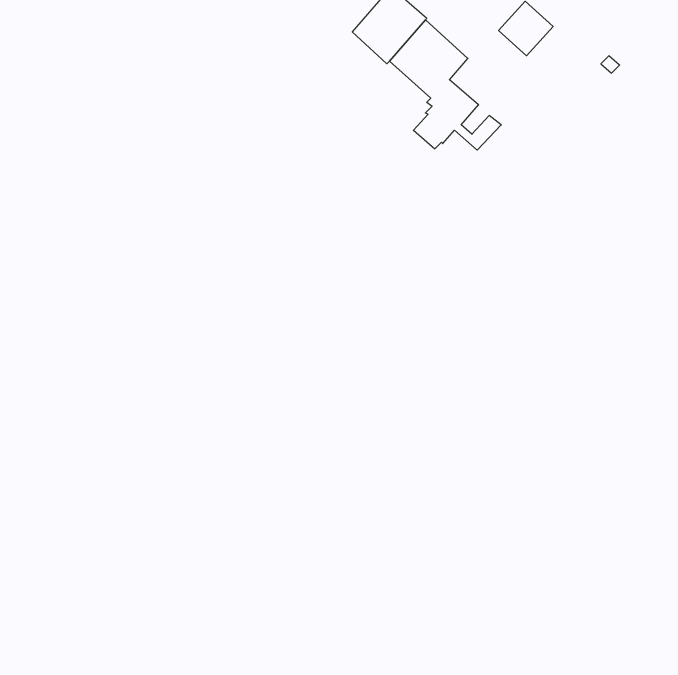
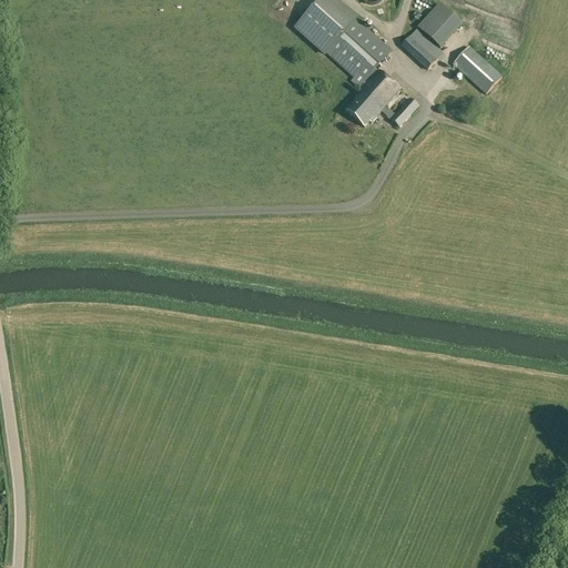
building: none -> [400,27,442,68]
building: none -> [452,44,500,92]

